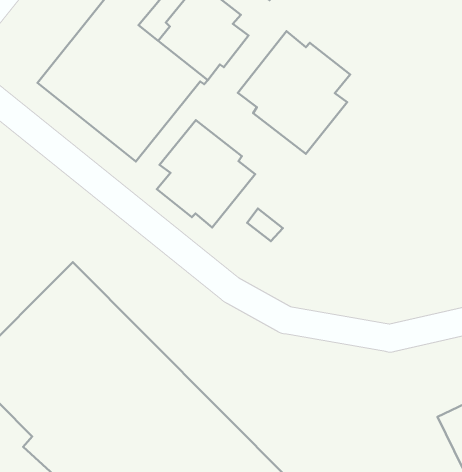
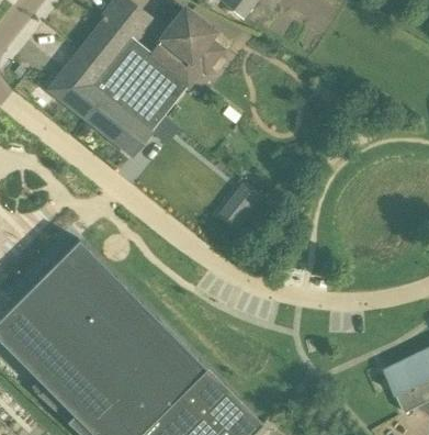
building: [238,31,350,154] -> none
building: [157,120,255,228] -> none

